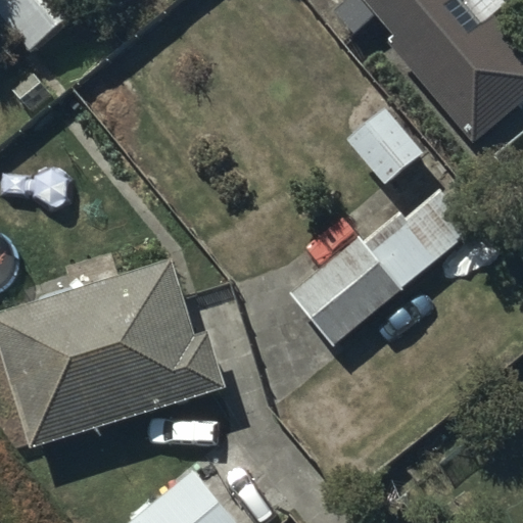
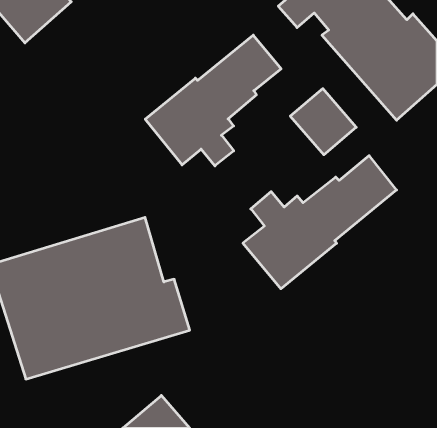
building: none -> [145,35,281,166]

